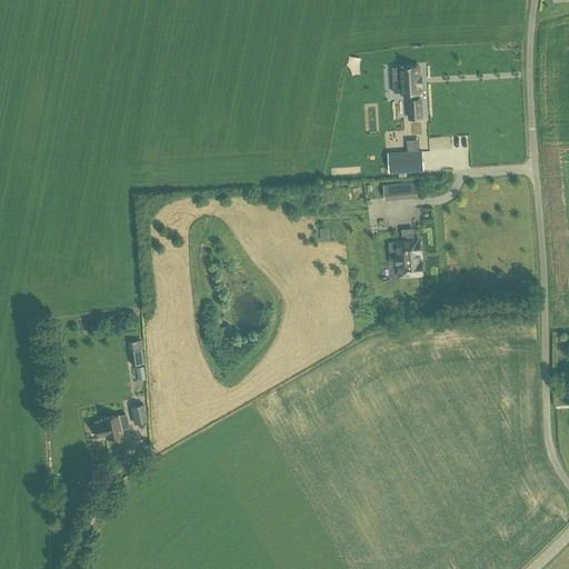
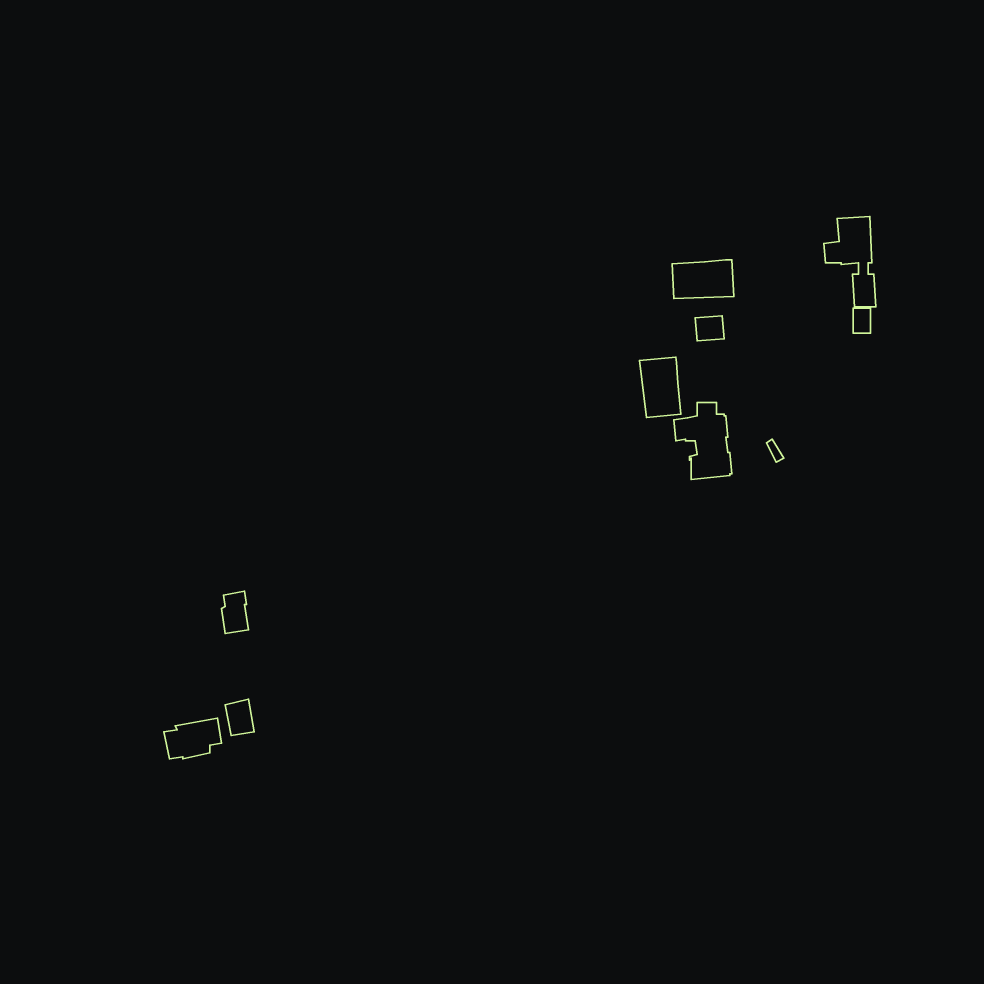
building: [392,66,422,118] -> [824,216,876,307]
building: none -> [640,357,681,418]

